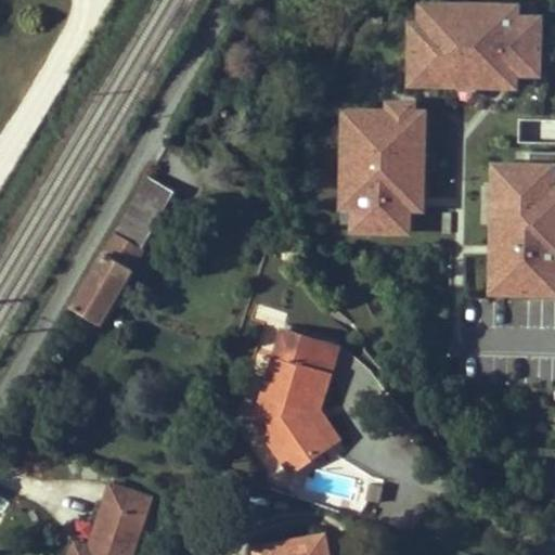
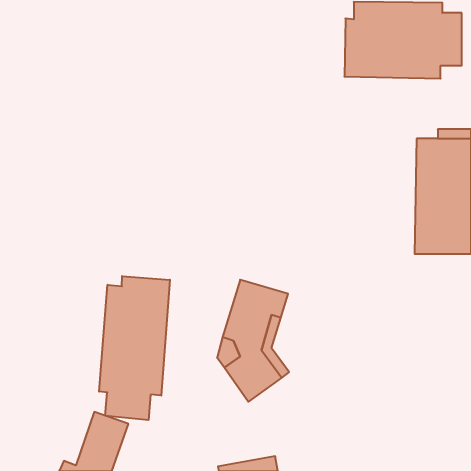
building: [335,101,425,232] -> none
building: [73,176,173,322] -> none
building: none -> [99,276,170,420]

